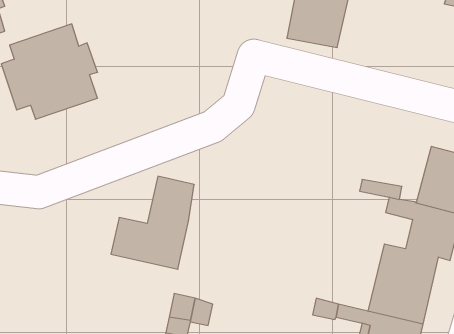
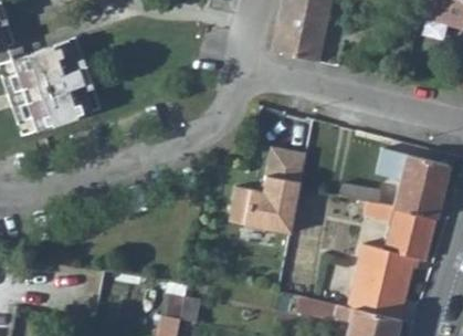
building: [111,176,194,269] -> [229,148,307,235]

